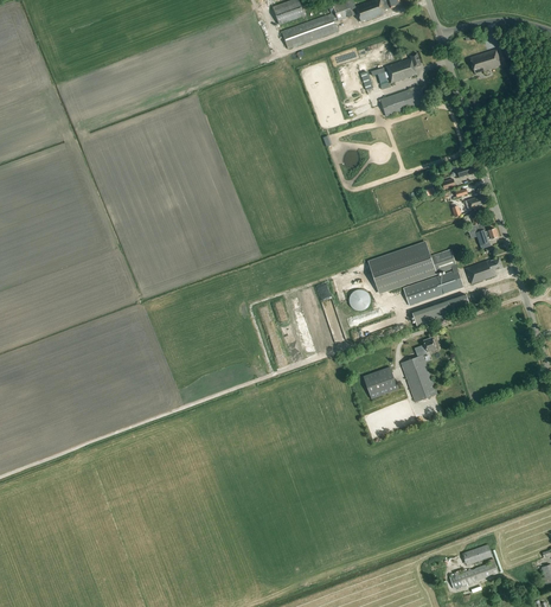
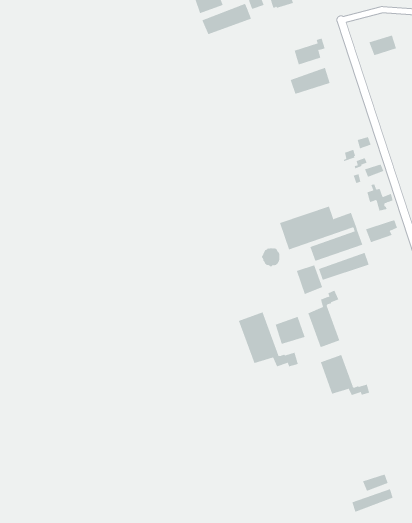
building: none -> [296,265,323,295]
building: none -> [238,312,298,367]
building: none -> [320,354,370,396]

